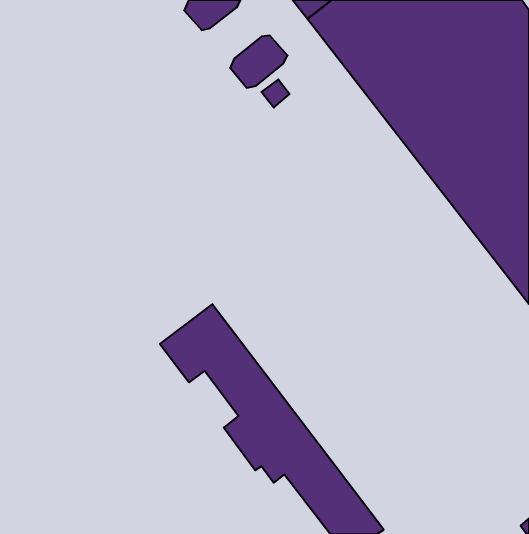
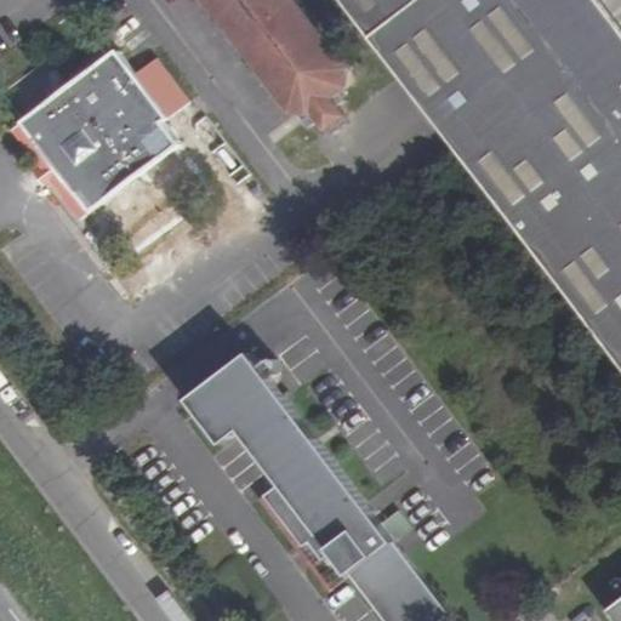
building: none -> [241,7,306,69]
building: none -> [8,53,186,220]

